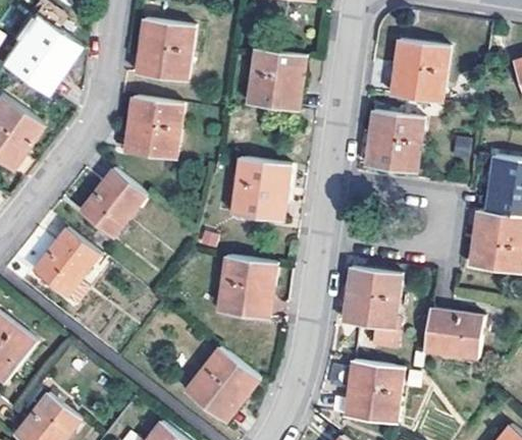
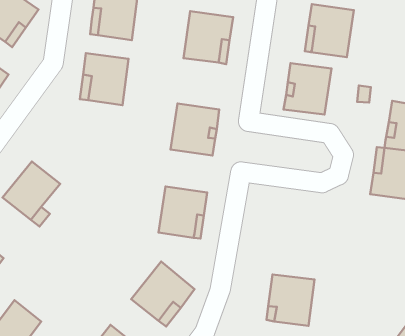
building: [79,170,146,238] -> none
building: [343,267,400,329] -> none
building: [424,309,483,359] -> none

